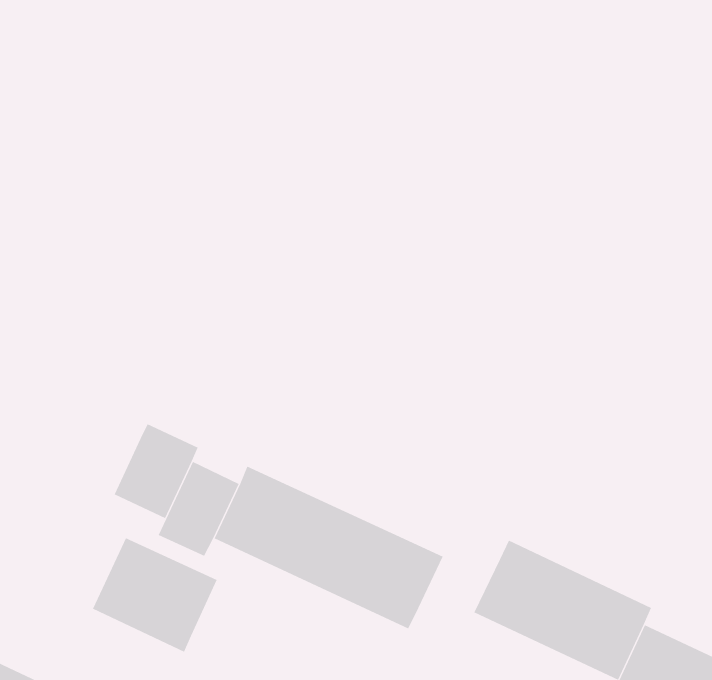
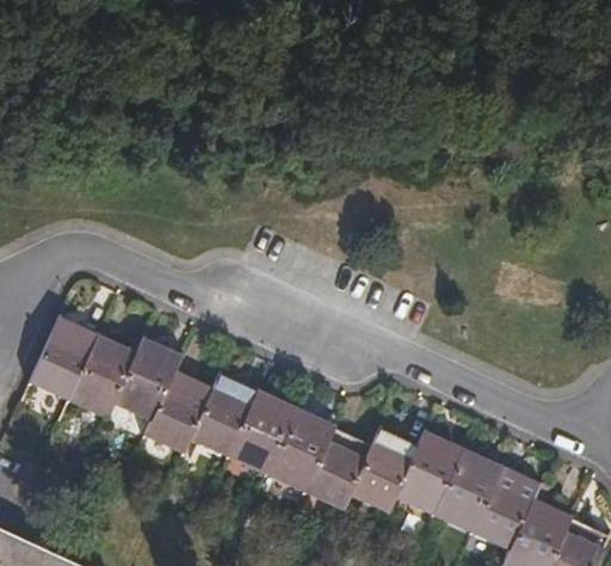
building: none -> [351,435,414,509]
building: [92,538,218,653] -> [31,324,130,414]

